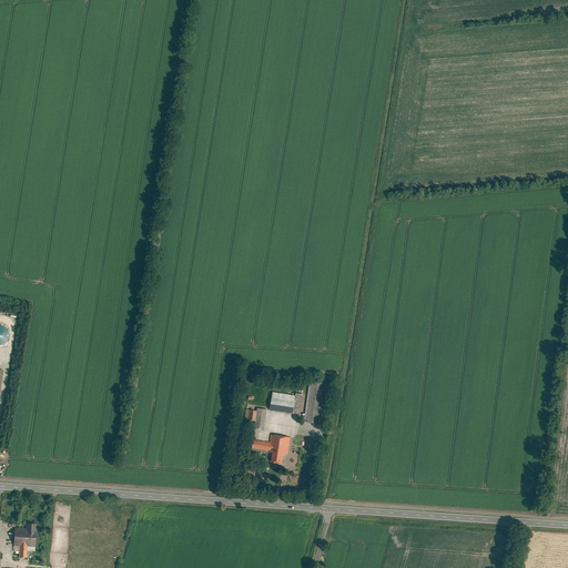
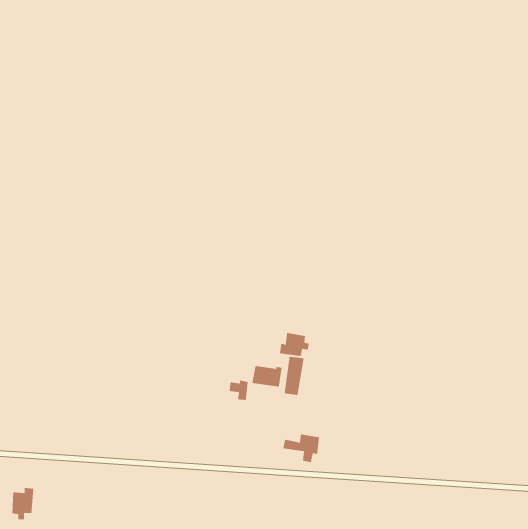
building: none -> [279,332,309,357]
building: [251,433,291,464] -> [283,434,320,463]

